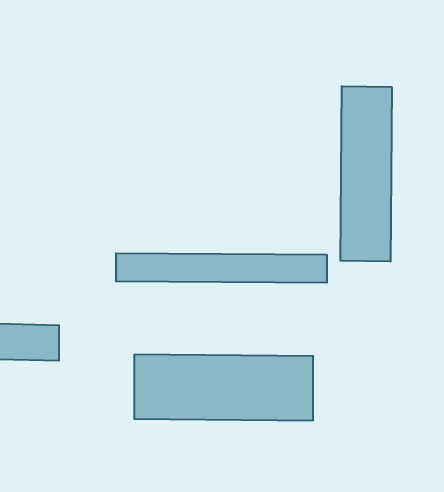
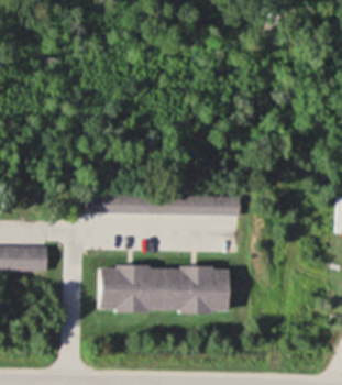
building: [340,86,392,262] -> none

